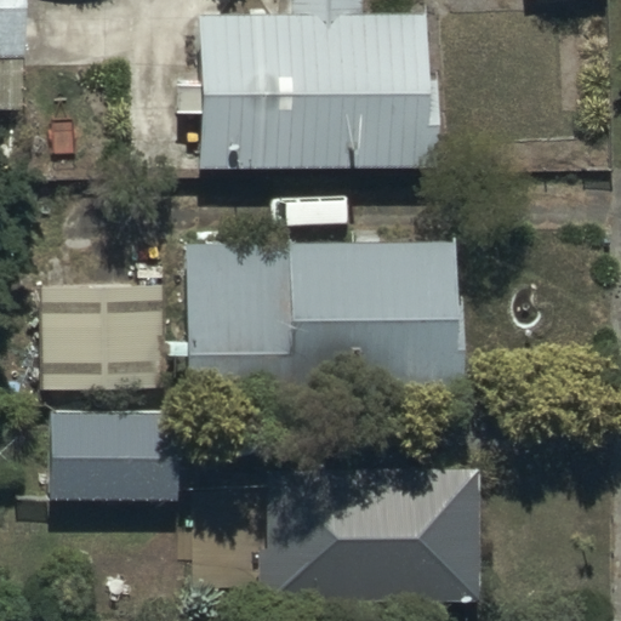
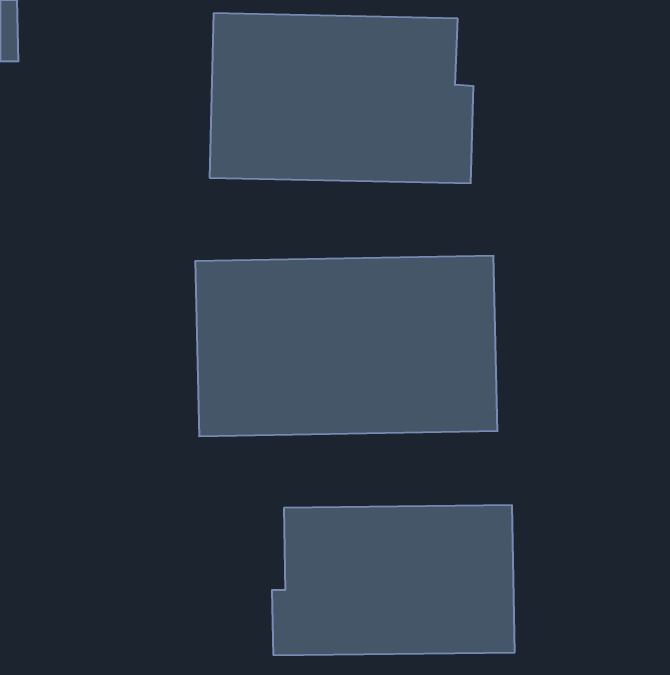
building: [45,286,160,387] -> none
building: [52,411,176,497] -> none

